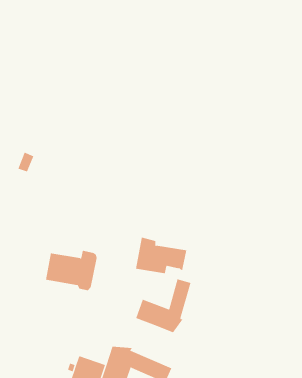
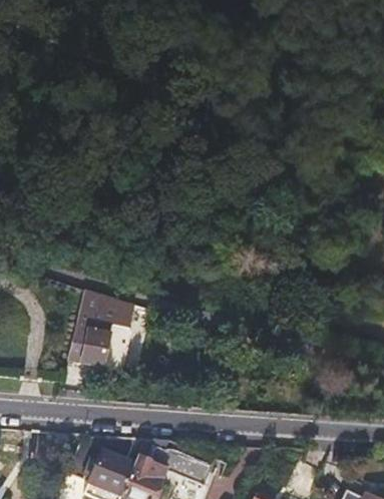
building: [135,237,187,274] -> [67,290,129,334]
building: [135,279,191,333] -> none

